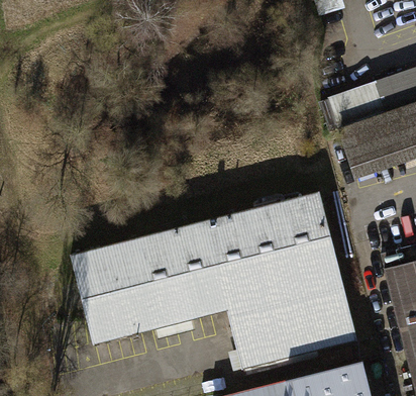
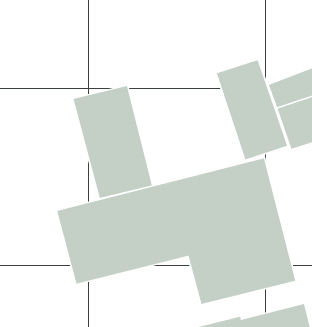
building: none -> [216,59,288,160]
building: none -> [73,85,153,199]

